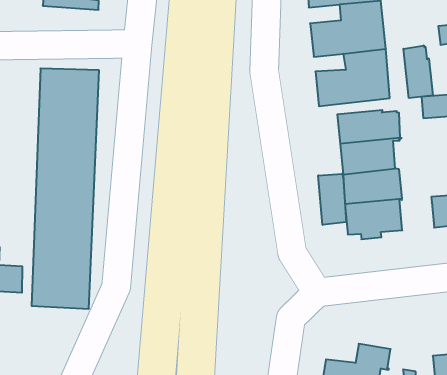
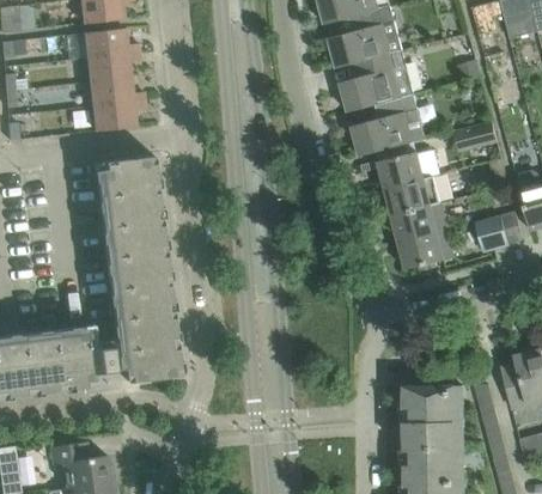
building: none -> [92,102,145,132]
building: [403,45,433,98] -> none
building: [318,174,346,225] -> none

